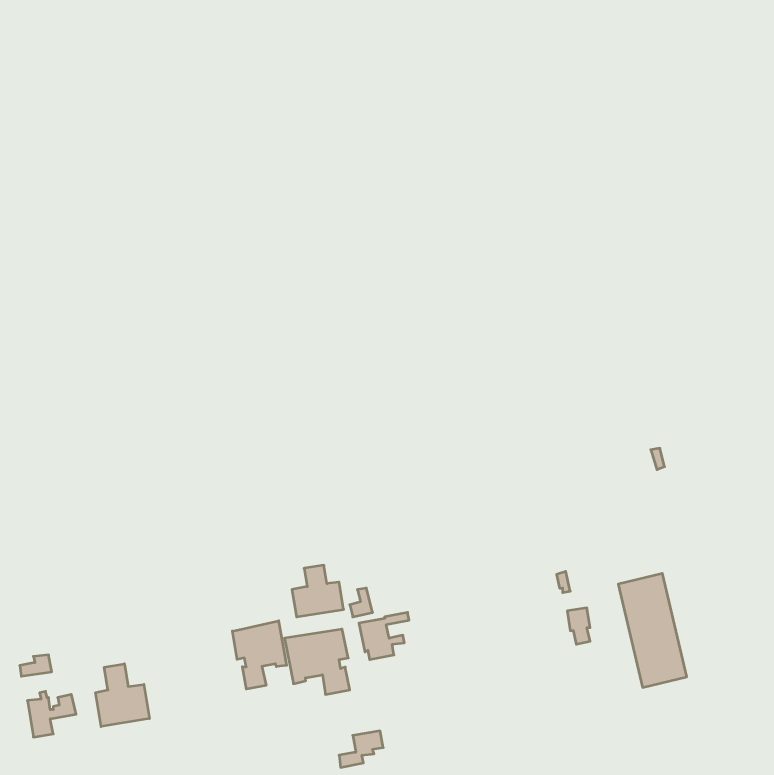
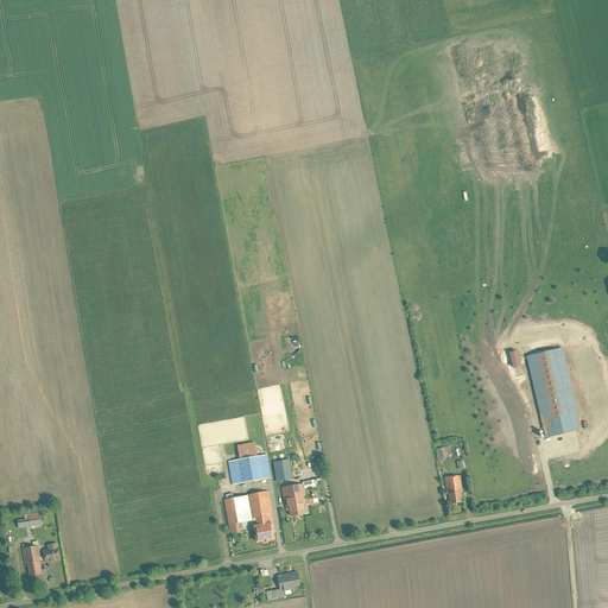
building: [618,573,687,687] -> [526,347,580,436]
building: [232,621,287,689] -> none
building: [96,664,149,727] -> none

